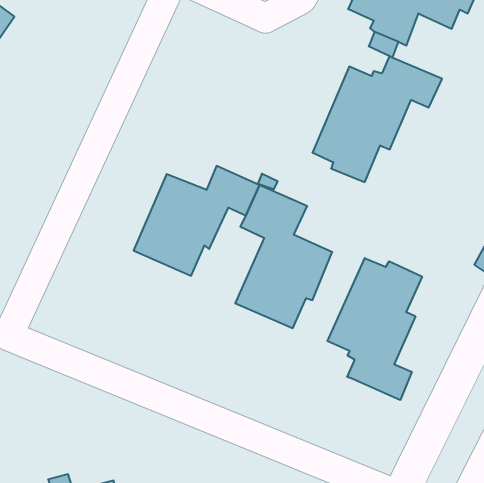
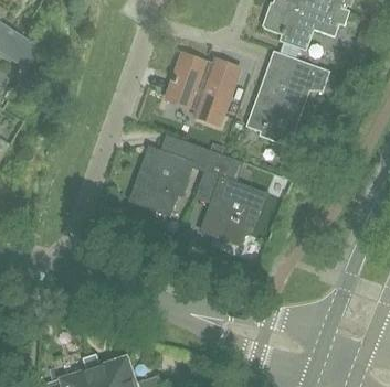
building: none -> [167,54,238,123]
building: [327,258,422,400] -> none

